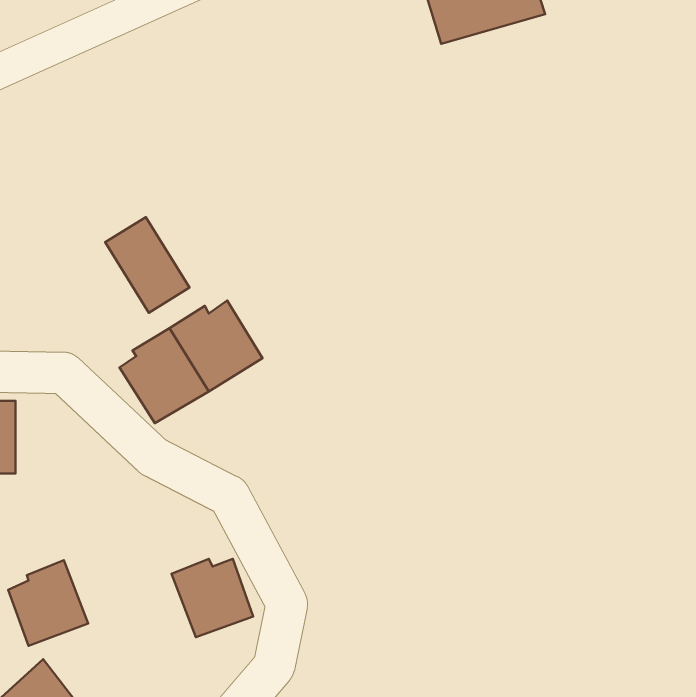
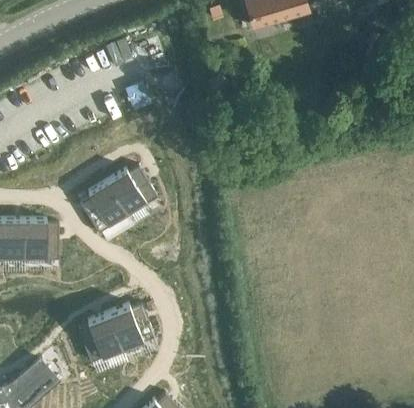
building: [105,217,189,313] -> none
building: none -> [23,221,58,260]
building: [8,560,88,646] -> [77,314,120,360]

